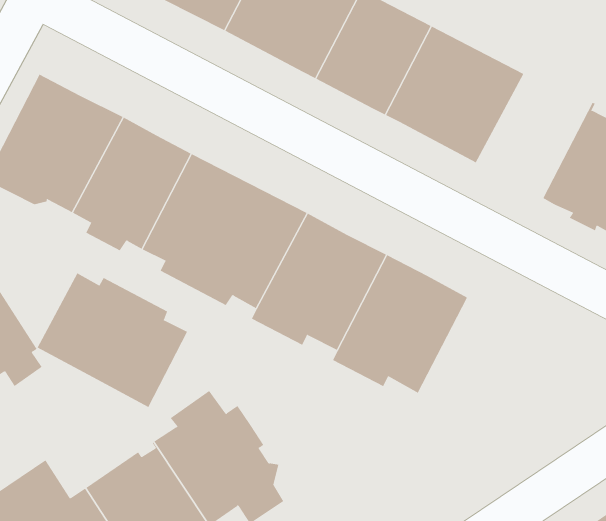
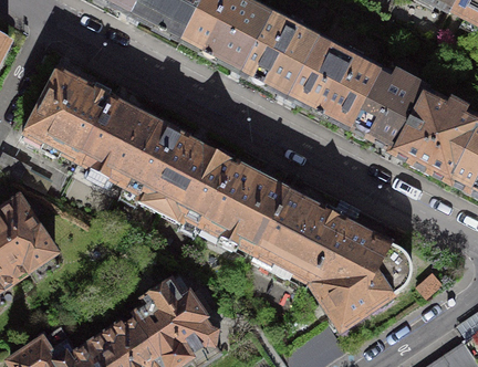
building: none -> [349,66,426,149]
building: [37,273,188,408] -> none
building: none -> [310,216,412,327]

